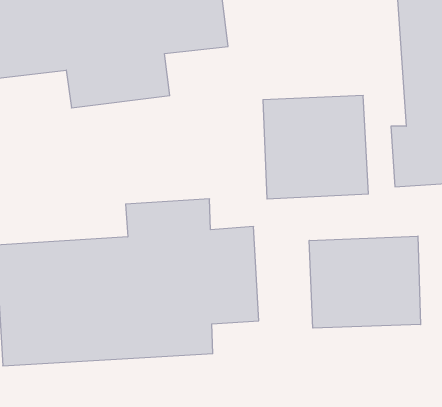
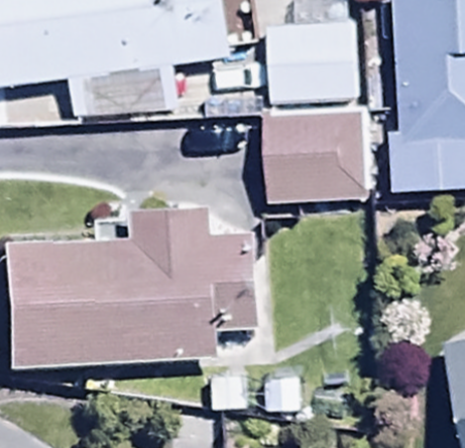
building: none -> [265,21,353,101]
building: [309,236,421,328] -> none

